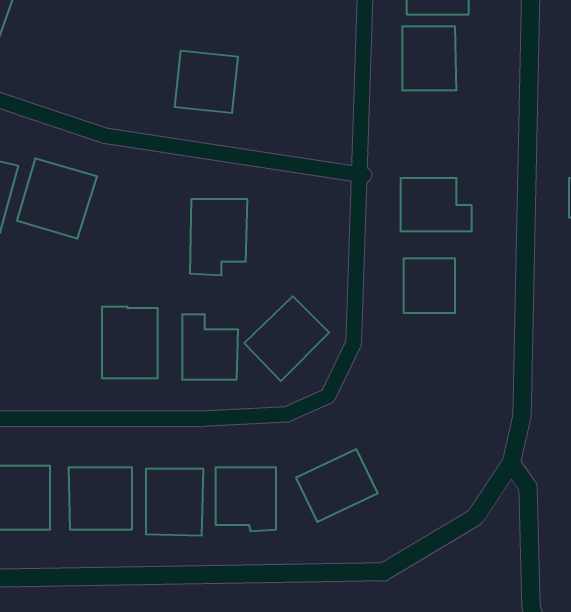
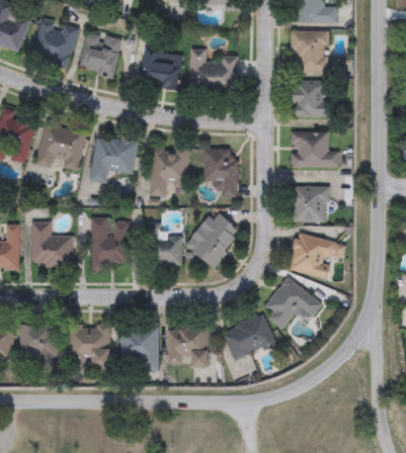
building: none -> [31,19,77,66]
building: none -> [78,31,121,78]
building: none -> [189,49,237,88]
building: none -> [294,80,333,116]
building: none -> [89,134,138,182]
building: none -> [202,151,238,197]
building: none -> [31,222,72,267]
building: none -> [289,232,336,278]
building: none -> [263,276,322,330]

